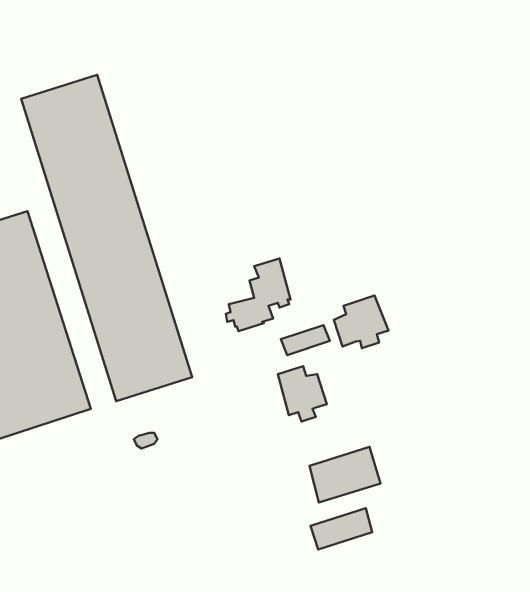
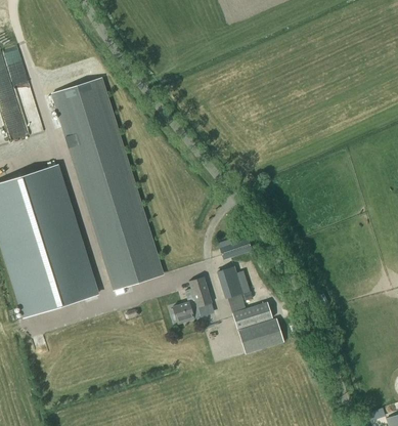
building: [226,258,291,331] -> [170,276,212,324]
building: [334,295,388,348] -> none
building: [310,508,372,549] -> [232,302,272,329]

